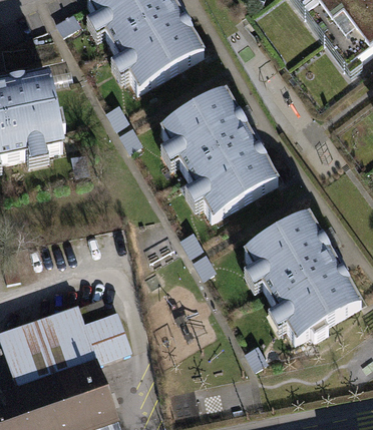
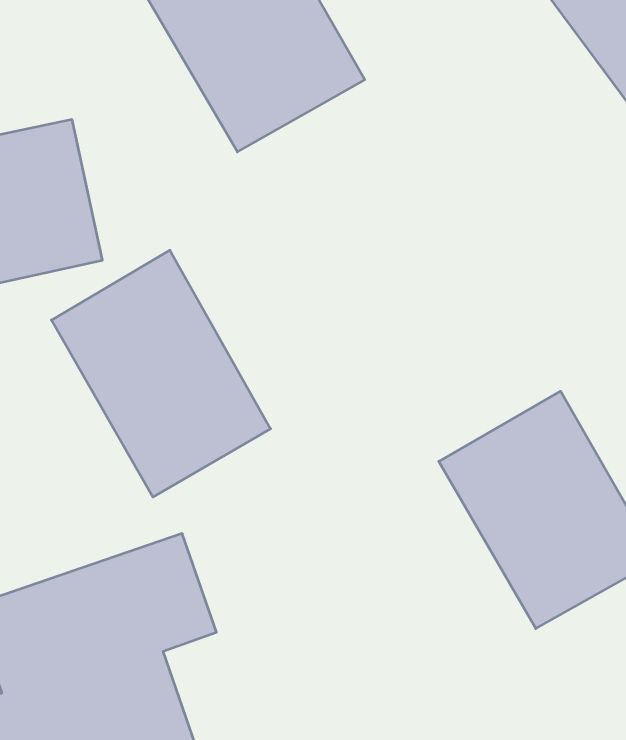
building: [161,89,278,216] -> none
building: none -> [51,250,271,497]

